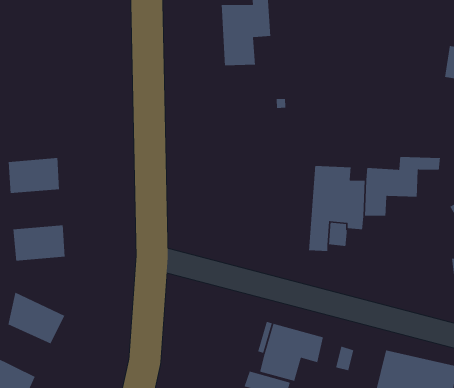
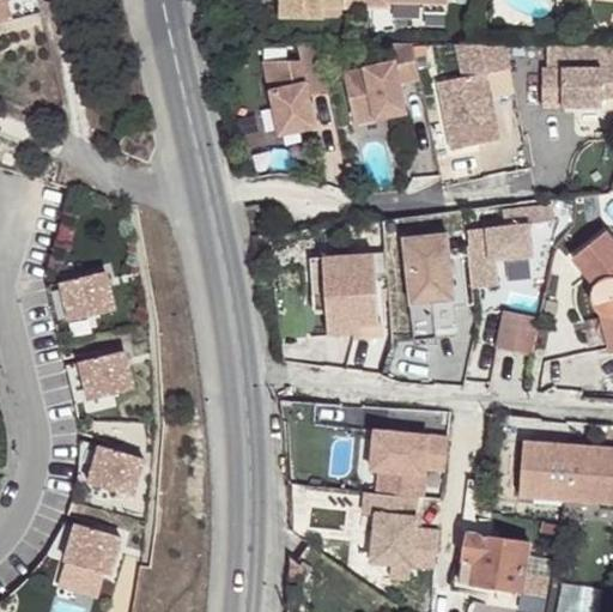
building: none -> [342,43,419,125]
building: none -> [437,46,509,150]
building: none -> [311,253,383,339]
building: none -> [497,310,538,355]

